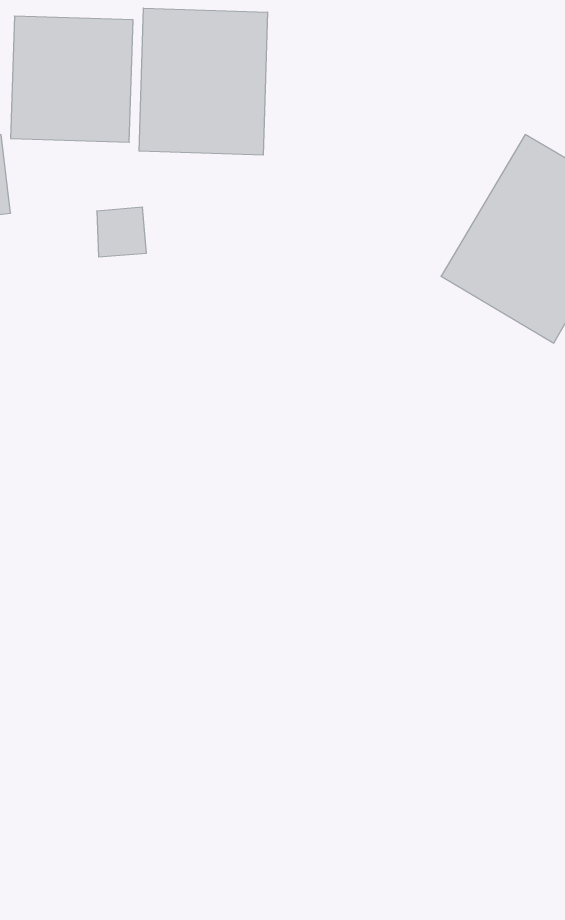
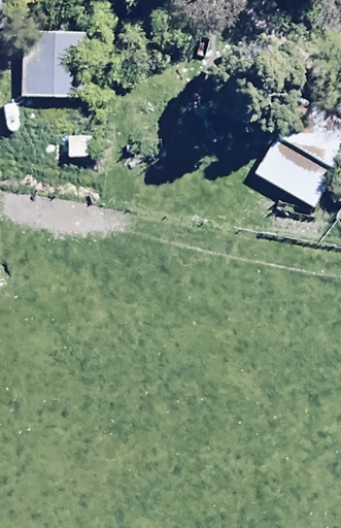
building: [139,8,267,155] -> none

